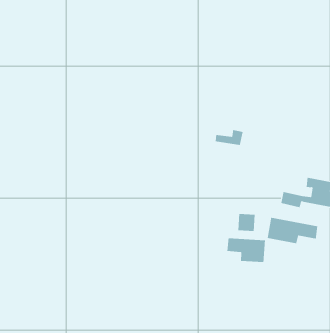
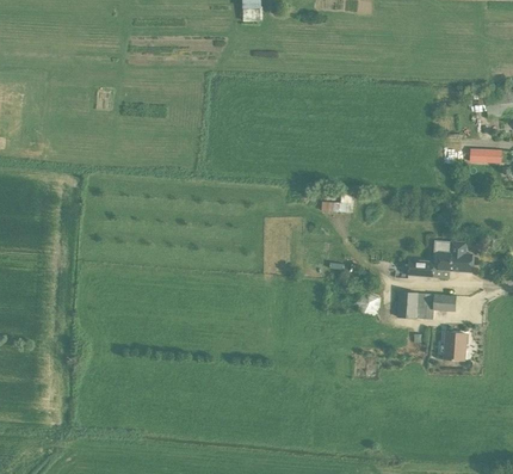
building: [227,238,266,263] -> none
building: none -> [440,332,465,359]

